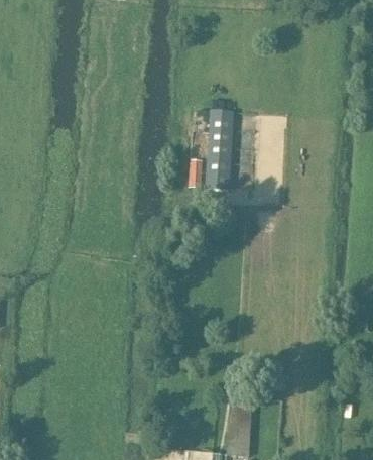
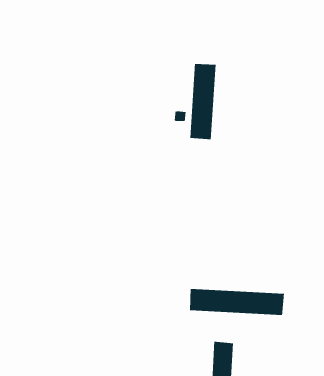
building: none -> [190,288,284,316]

